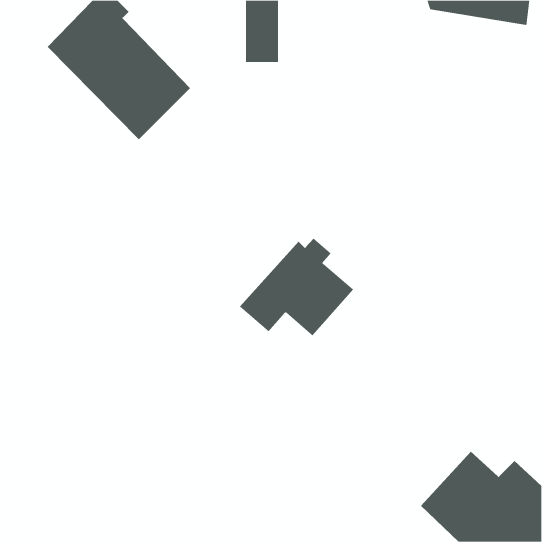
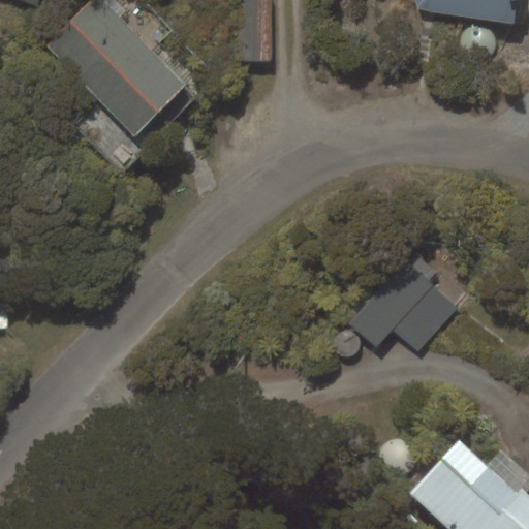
building: [239,238,354,336] -> [347,256,459,352]

